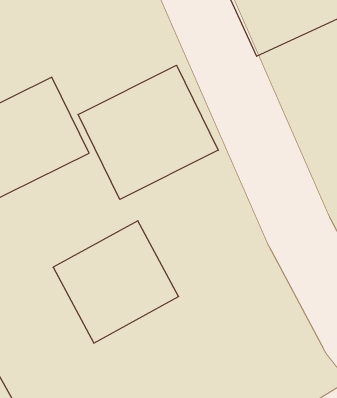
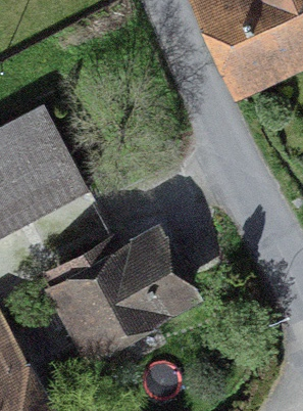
building: [78,65,218,199] -> none

